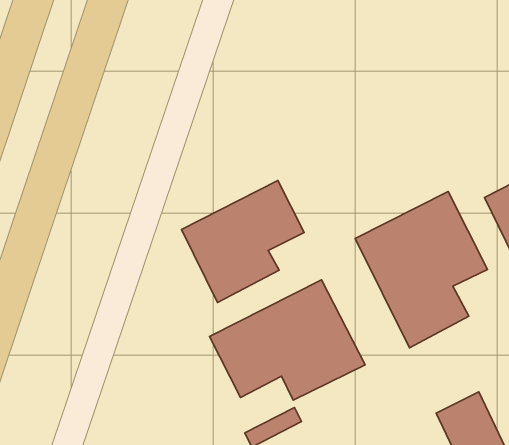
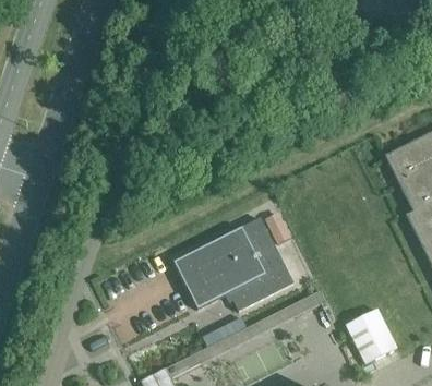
building: [181,180,304,302] -> none
building: [355,191,487,348] -> none

